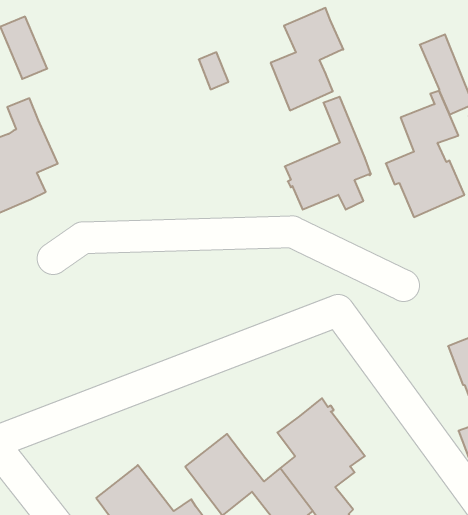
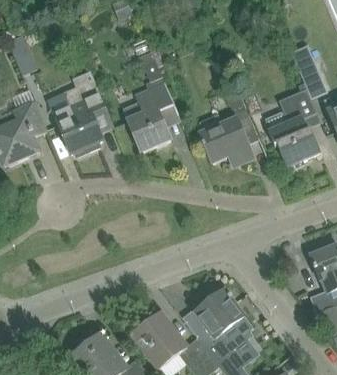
building: [271,8,343,110] -> [128,82,177,151]
building: none -> [53,69,113,155]

